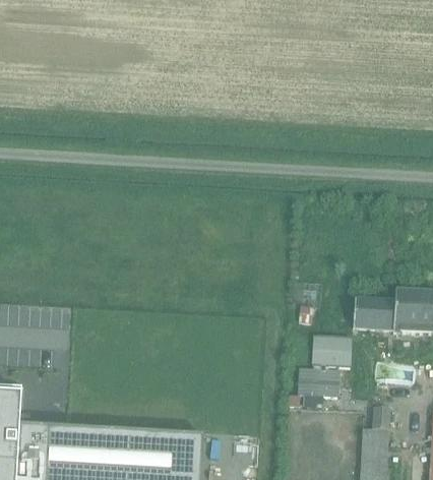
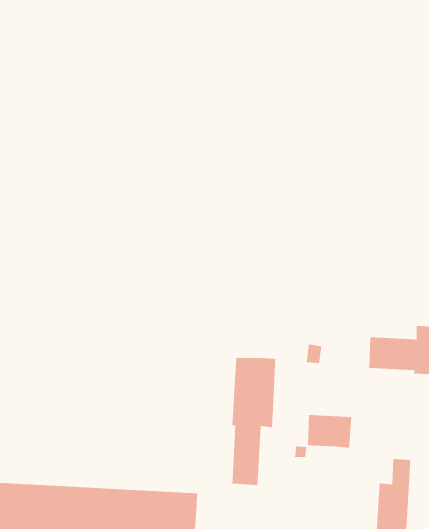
building: none -> [232,357,276,486]
building: [313,335,352,368] -> none

